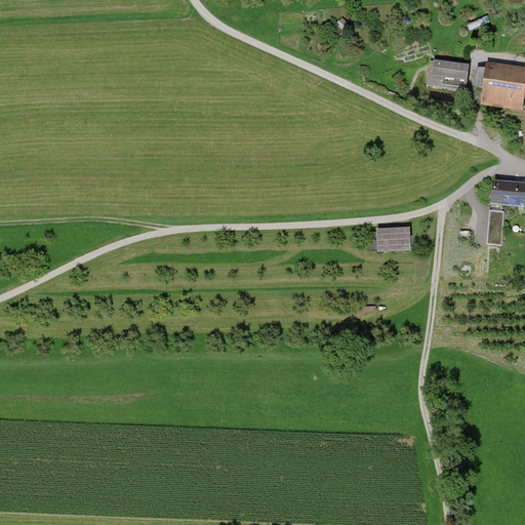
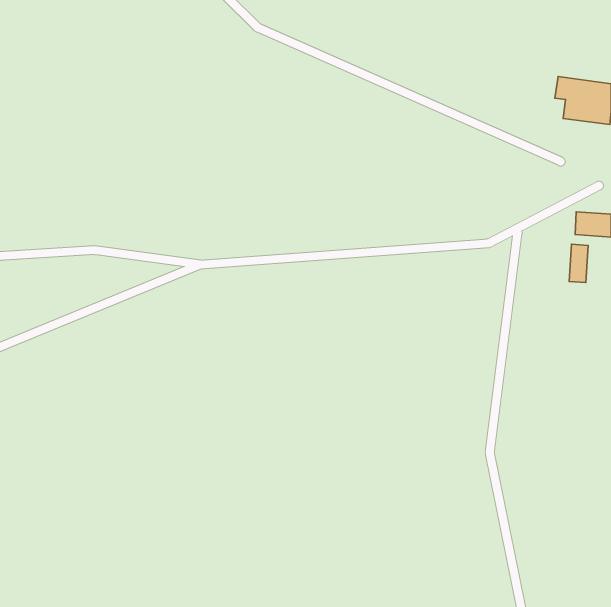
building: [431,58,469,86] -> none
building: [369,229,410,248] -> none

